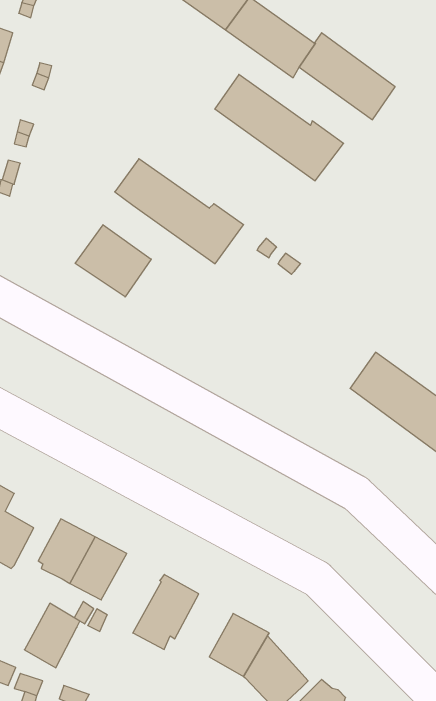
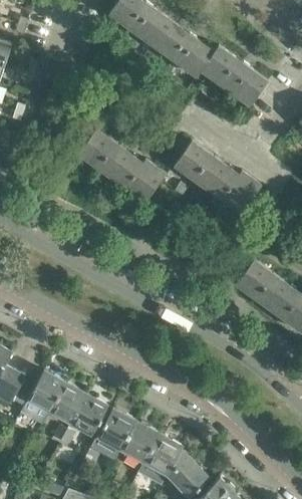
building: [215,74,344,181] -> [176,142,262,213]
building: [75,225,151,297] -> none
building: none -> [119,422,159,464]
building: [24,603,80,668] -> [70,395,107,438]

